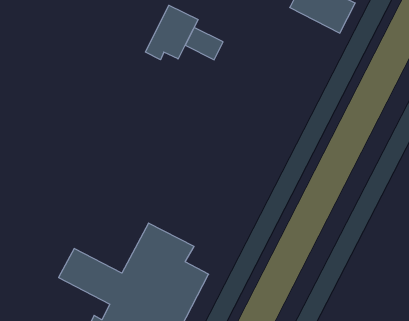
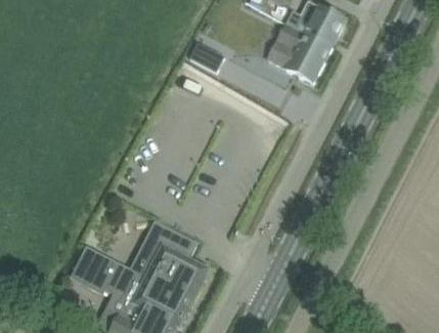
building: [145,5,198,60] -> none
building: none -> [267,24,332,84]

